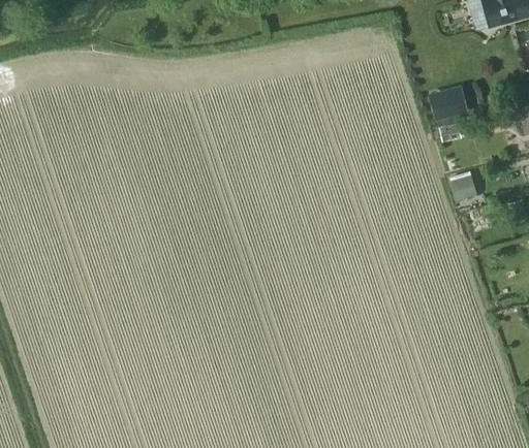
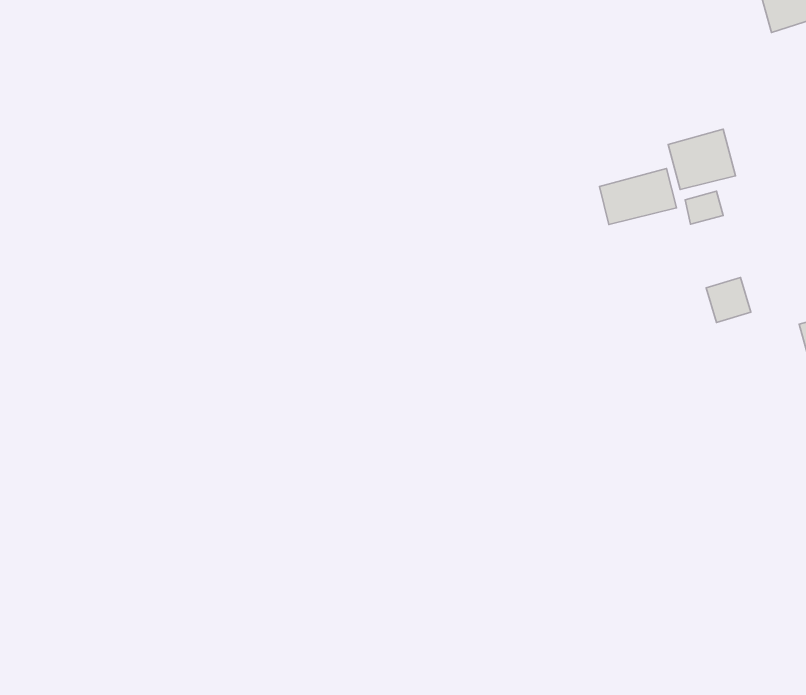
building: none -> [599,169,677,224]

